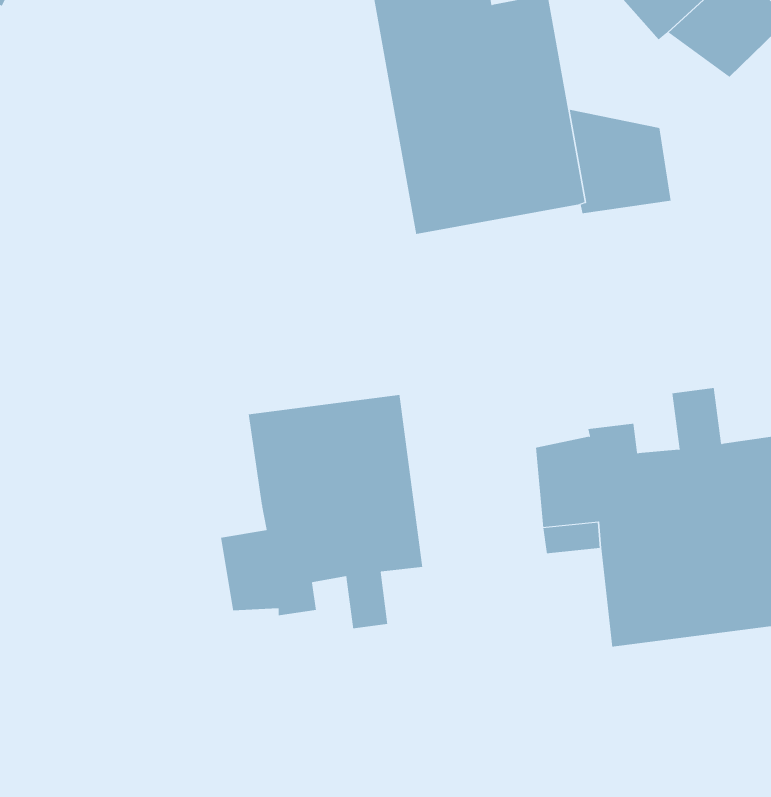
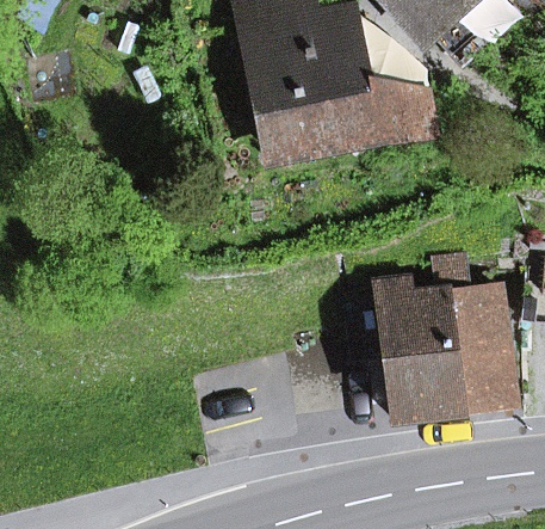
building: [220,394,423,629] -> none

